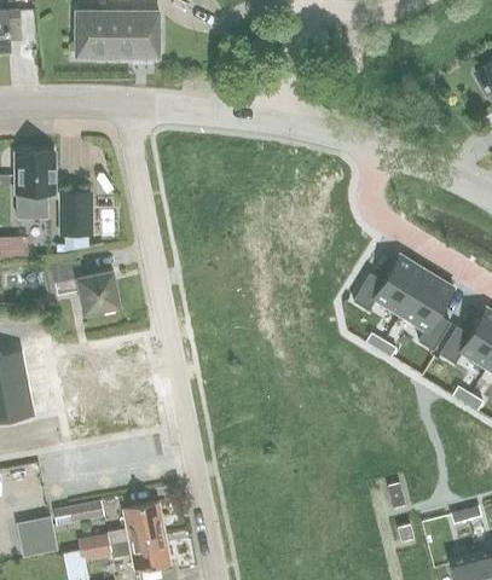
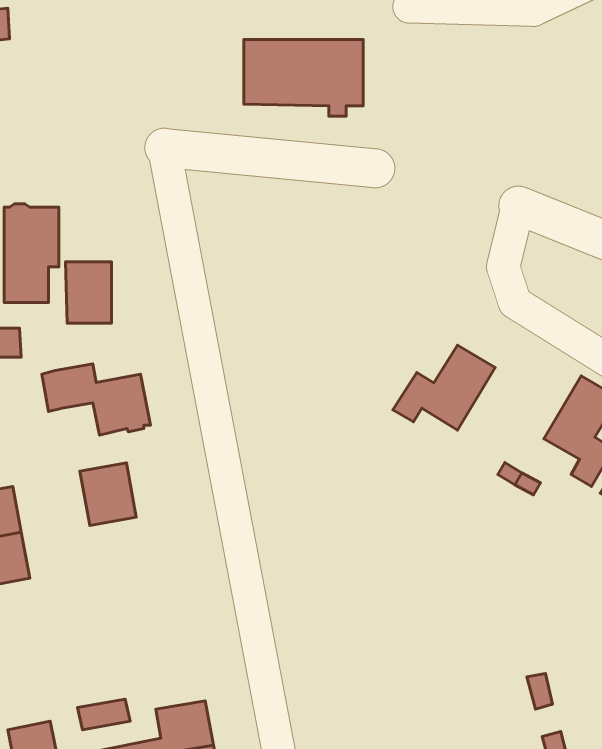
building: [75,11,160,65] -> [244,40,363,116]
building: [353,255,426,315] -> [393,345,495,430]
building: none -> [80,463,136,526]

